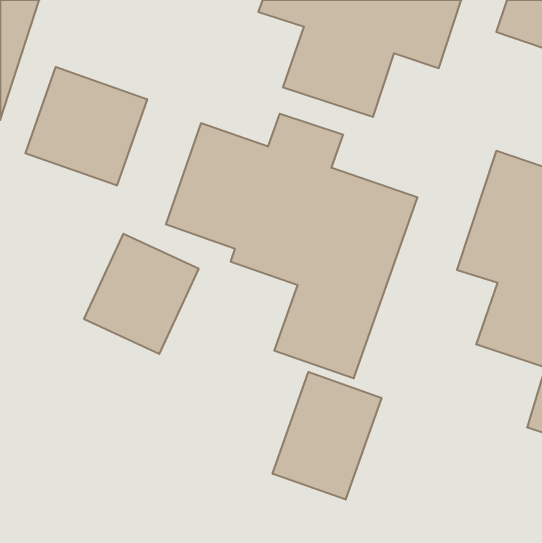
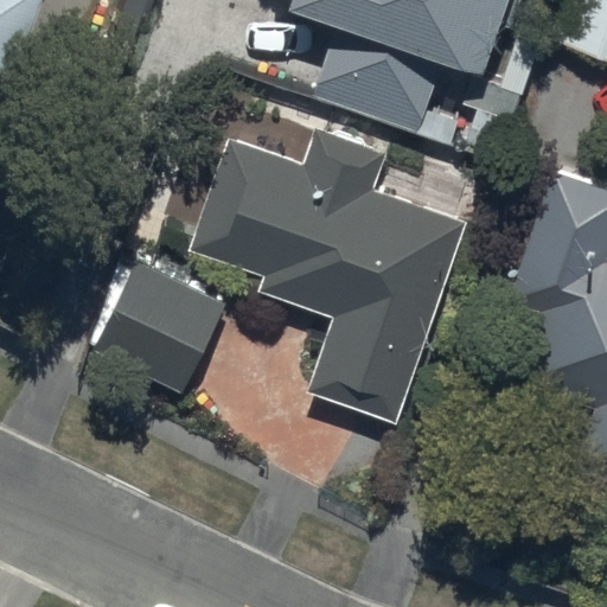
building: [25,67,147,186] -> none
building: [273,372,381,500] -> none

